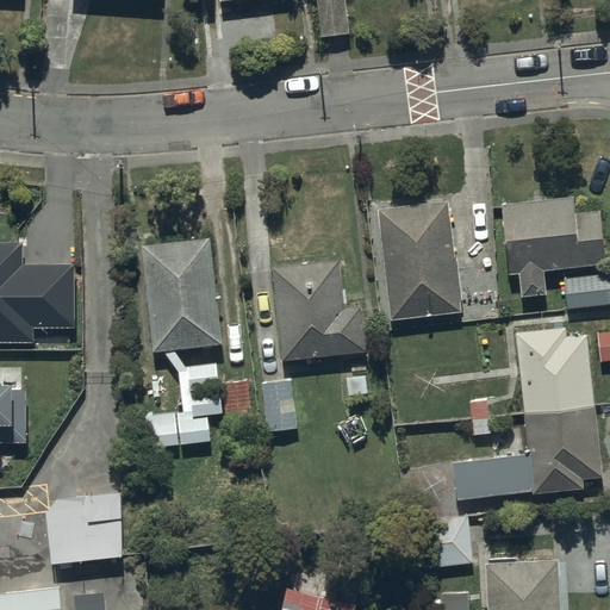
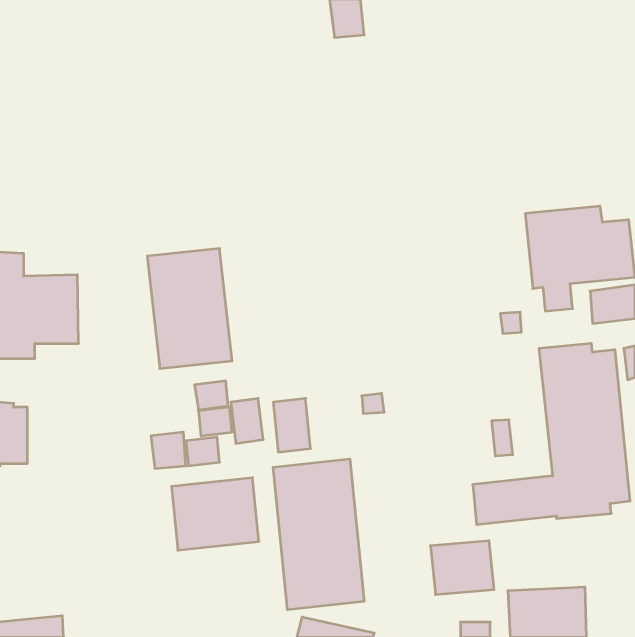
building: [376,200,462,320] -> none
building: [272,260,367,360] -> none
building: none -> [273,459,364,610]
building: [44,493,127,562] -> [172,478,259,550]

